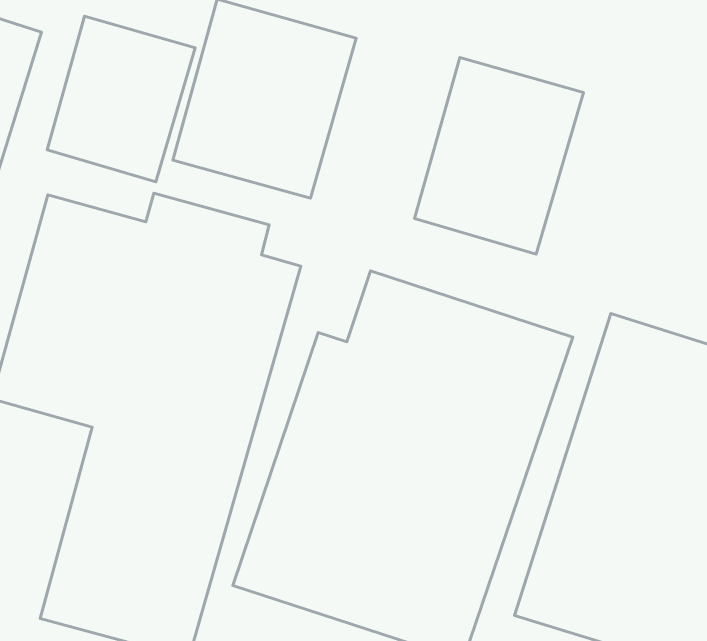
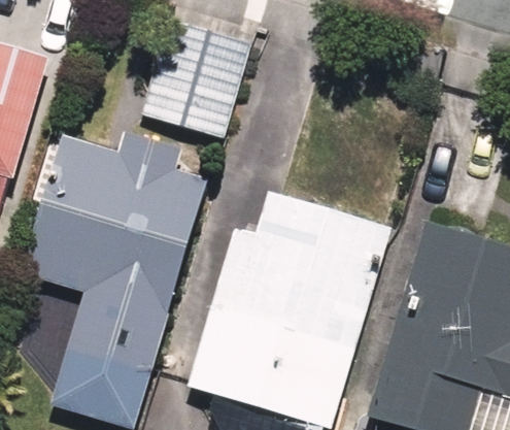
building: [47,16,195,182] -> none
building: [414,57,583,254] -> none

